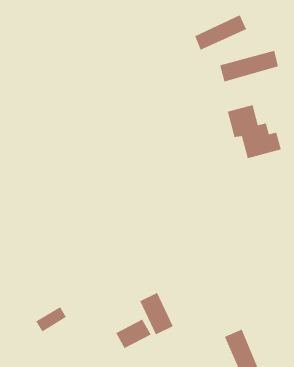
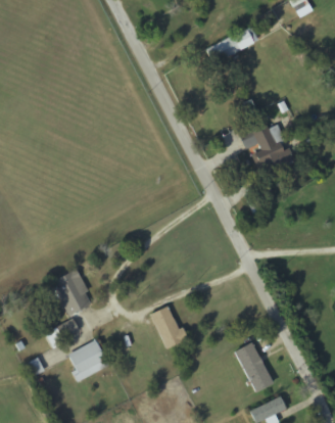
building: [219,50,279,83] -> none
building: none -> [54,270,92,314]
building: [115,318,152,349] -> [69,342,106,373]

